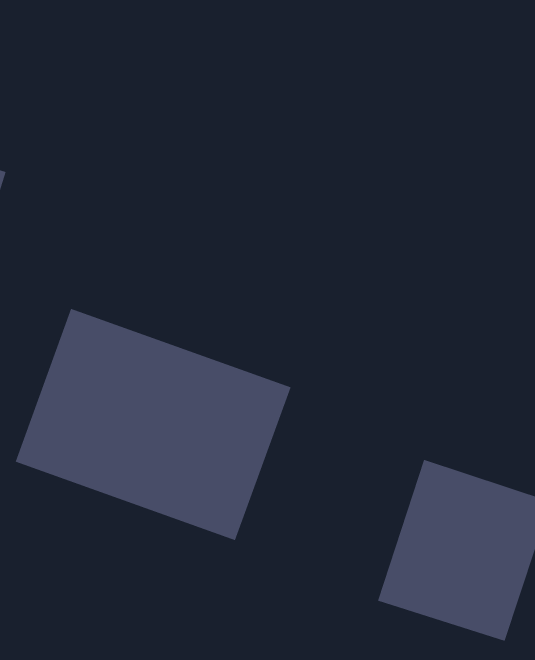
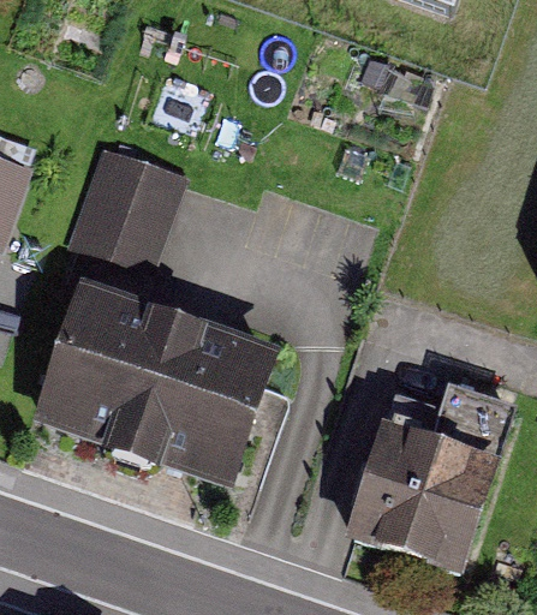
building: none -> [68,145,185,275]

